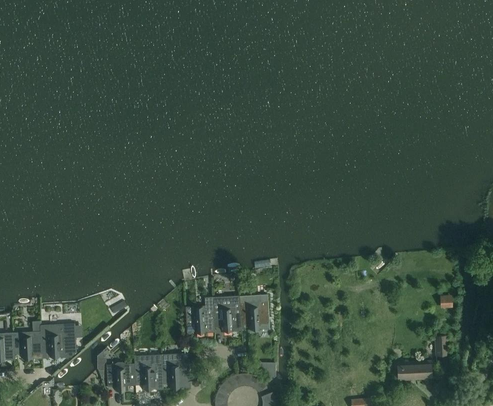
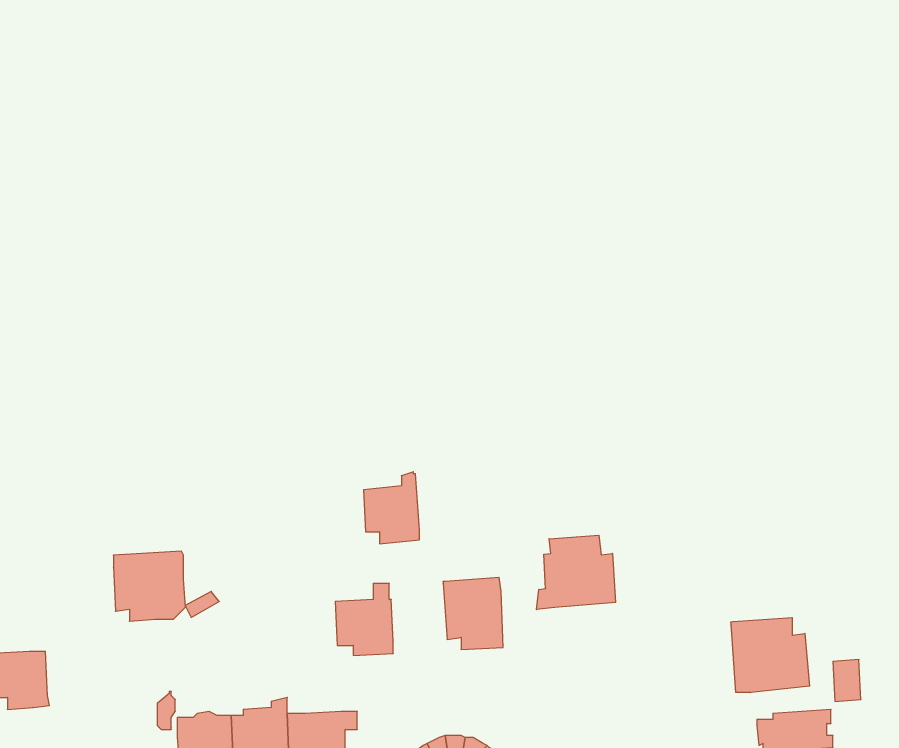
building: none -> [537,535,616,610]
building: [213,296,241,332] -> [364,472,419,544]
building: none -> [731,618,810,693]
building: [40,323,76,358] -> [113,551,185,621]

